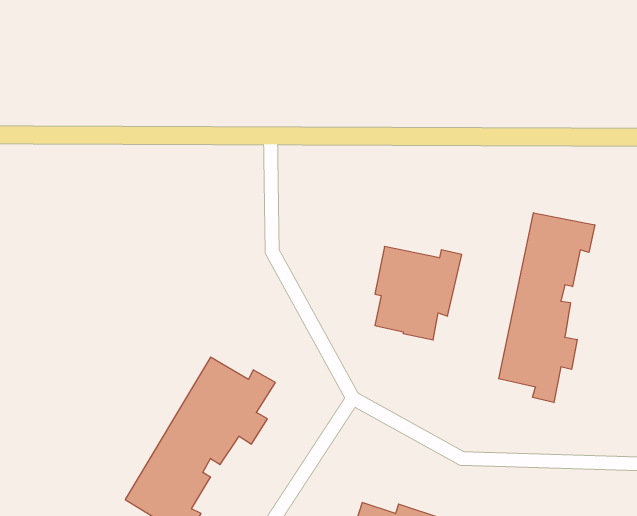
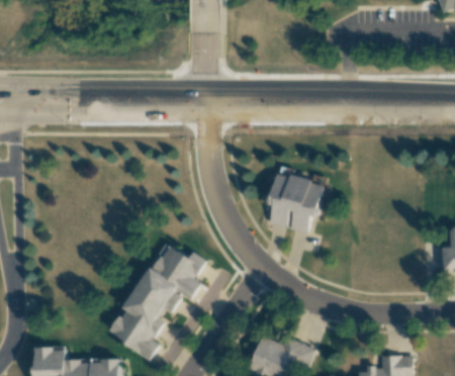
building: [499,213,595,403] -> none

